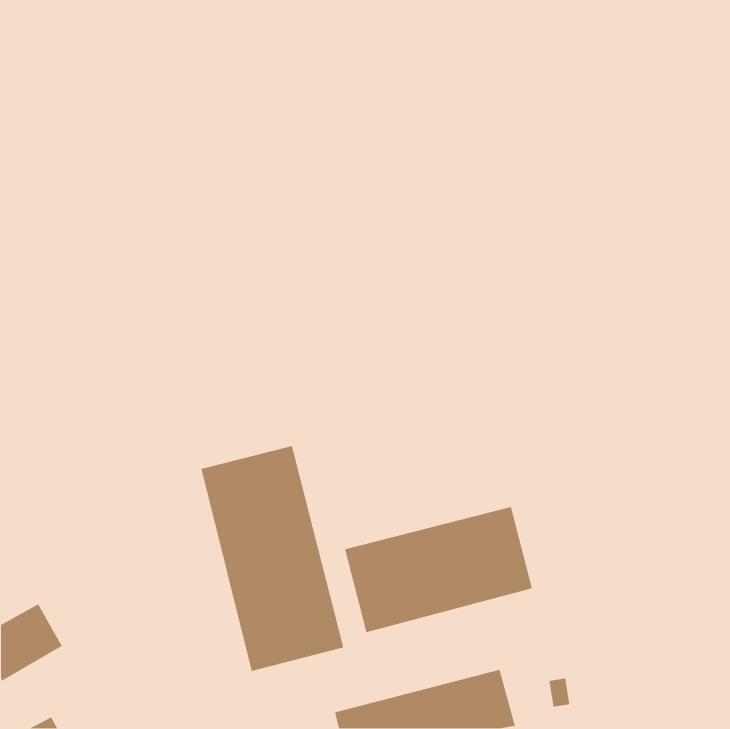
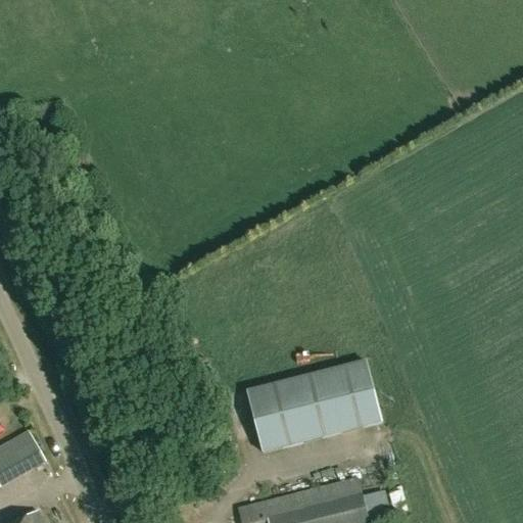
building: [201,445,344,672] -> none

